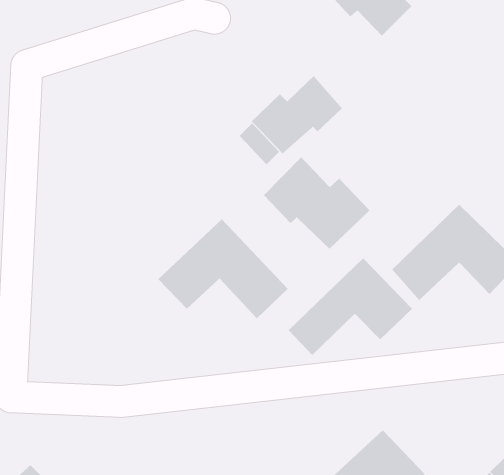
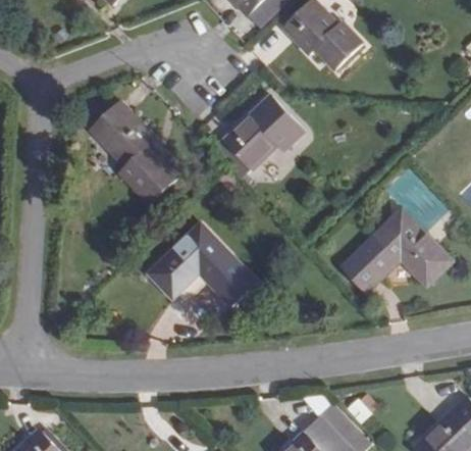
building: none -> [89,103,177,203]
building: [263,156,370,249] -> none
building: [288,258,413,356] -> none

